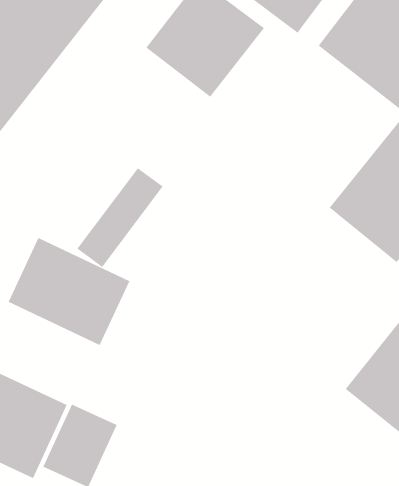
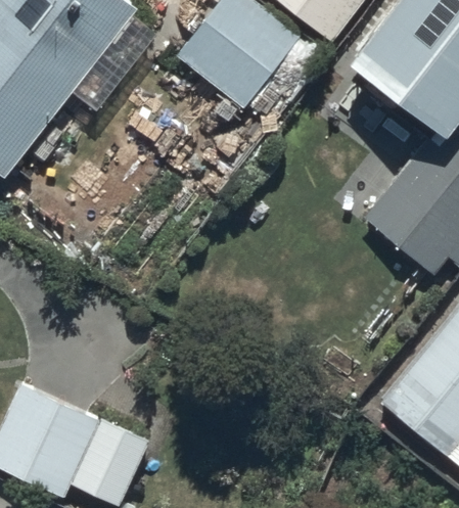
building: [8,237,130,346] -> none

